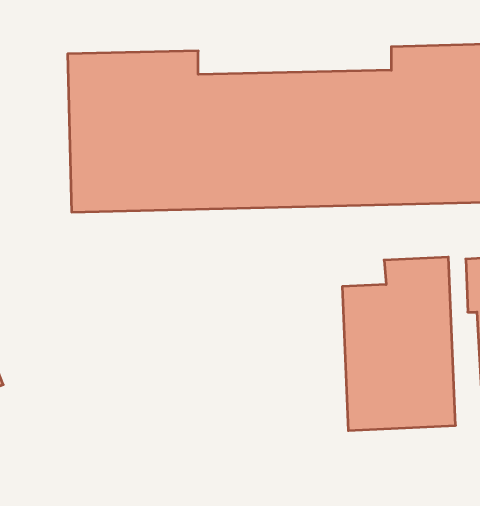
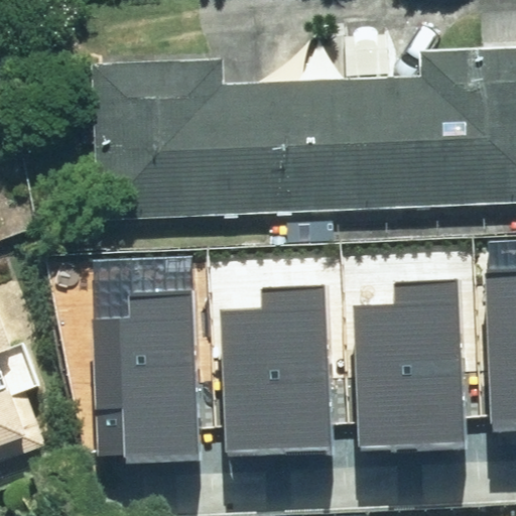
building: none -> [225,272,333,438]
building: none -> [97,278,198,442]

